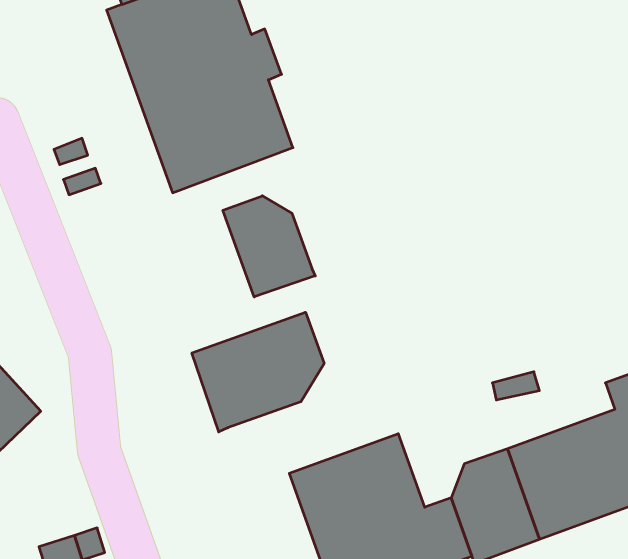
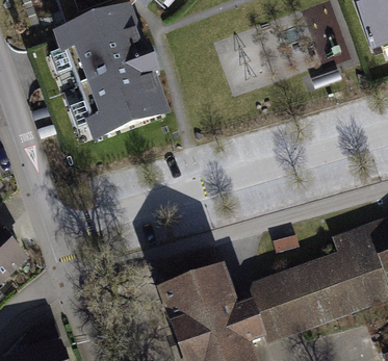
building: [223,196,315,297] -> none
building: [192,312,324,432] -> none

